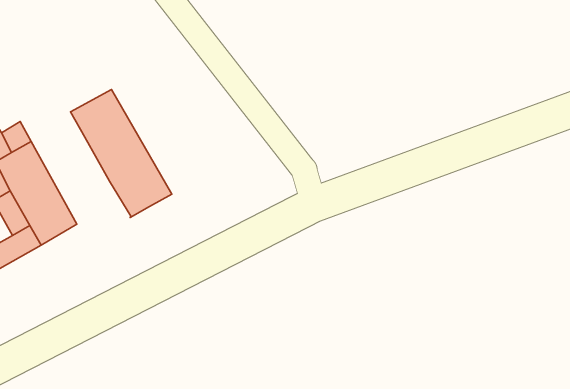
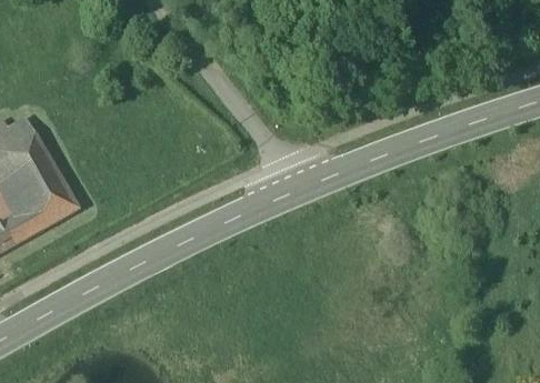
building: [71,90,172,218] -> none

